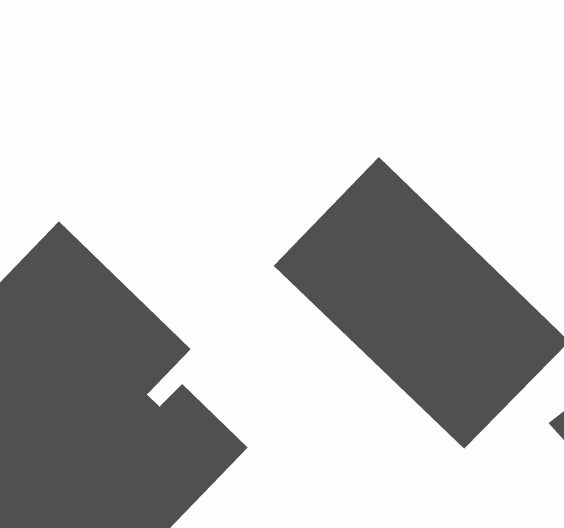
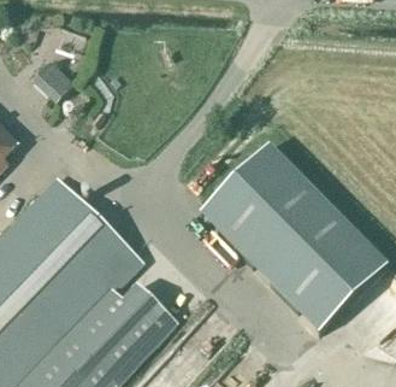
building: none -> [34,64,73,104]

